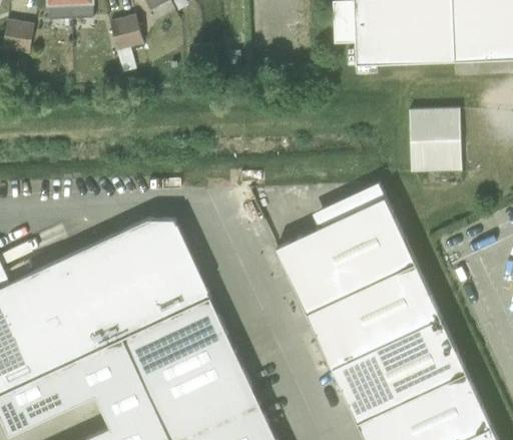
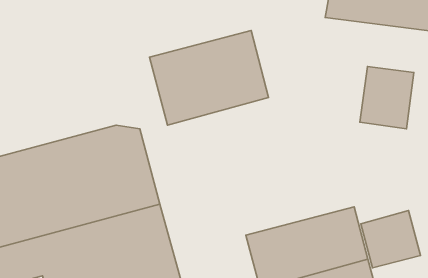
building: none -> [149,30,268,125]
building: [277,183,418,314] -> none
building: none -> [361,211,420,268]

